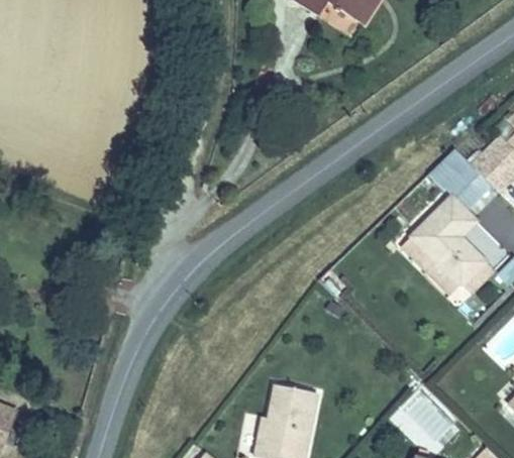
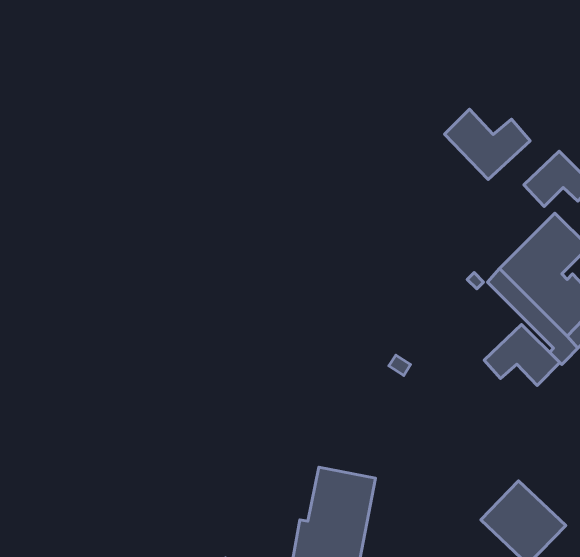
building: none -> [444,109,530,180]
building: none -> [484,324,560,386]

